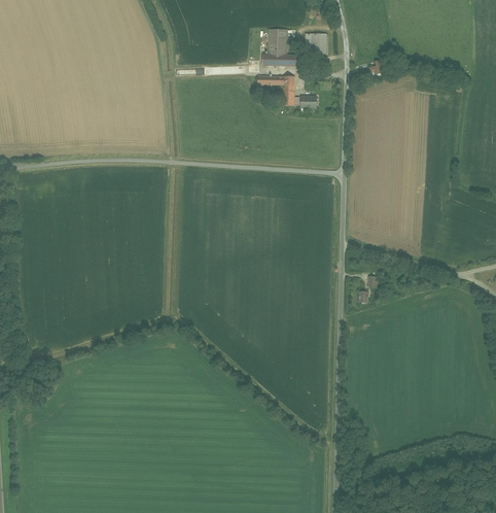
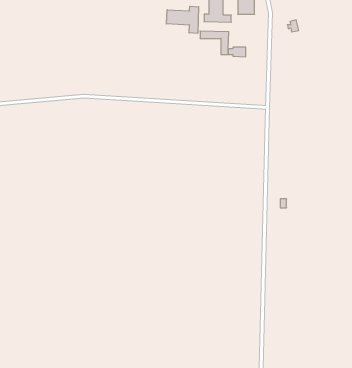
building: none -> [166,6,199,33]

